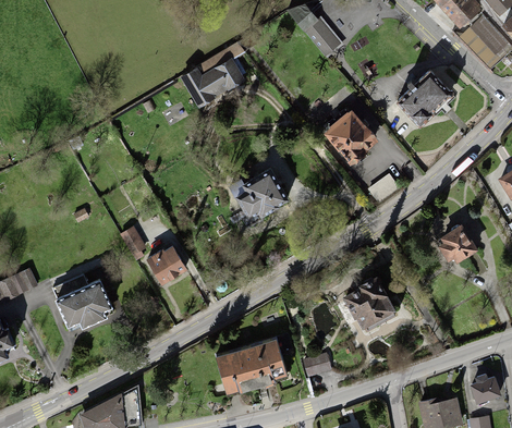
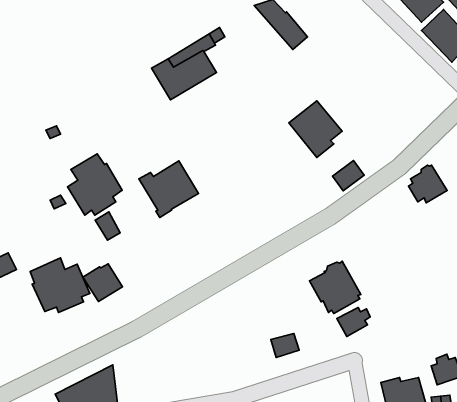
building: [397,71,451,129] -> none
building: none -> [67,154,122,215]
building: [229,167,291,225] -> [139,161,199,218]
building: [438,223,478,262] -> [409,165,447,203]
building: [146,245,187,284] -> [83,264,123,301]
building: none -> [337,307,370,336]
building: [215,338,289,394] -> none

